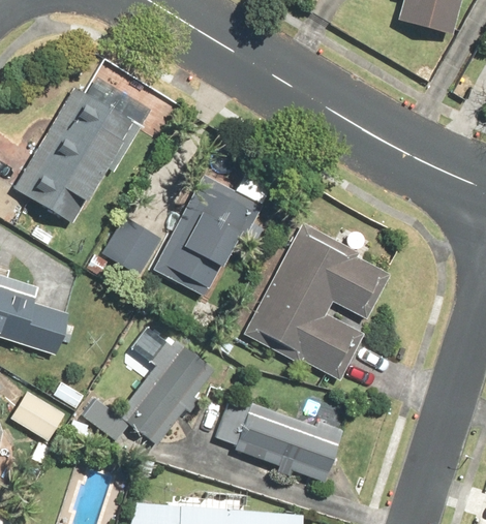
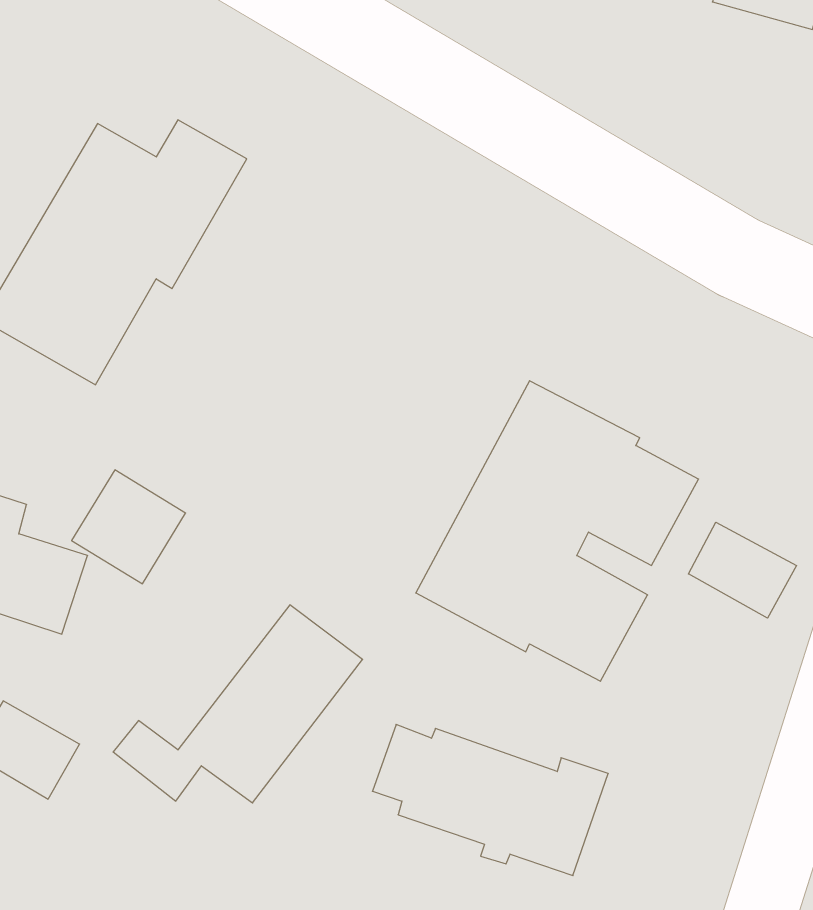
building: [151,173,263,297] -> none
building: [101,216,161,276] -> [72,470,186,584]
building: none -> [688,522,797,618]

